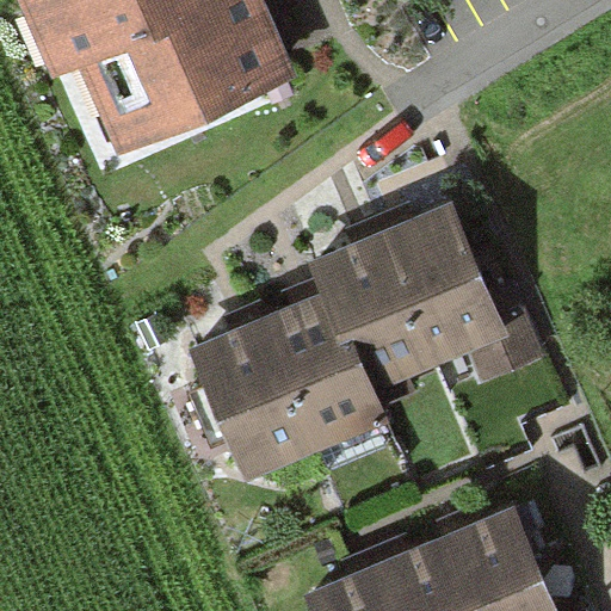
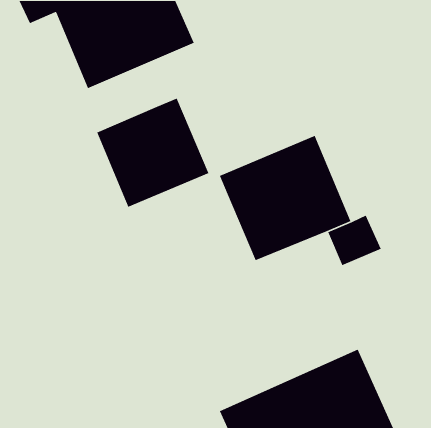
building: none -> [96,97,210,208]
building: [200,288,382,468] -> none

